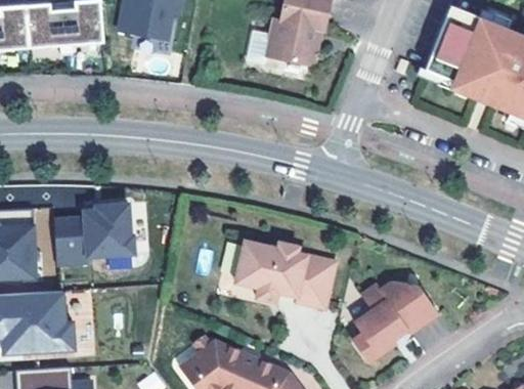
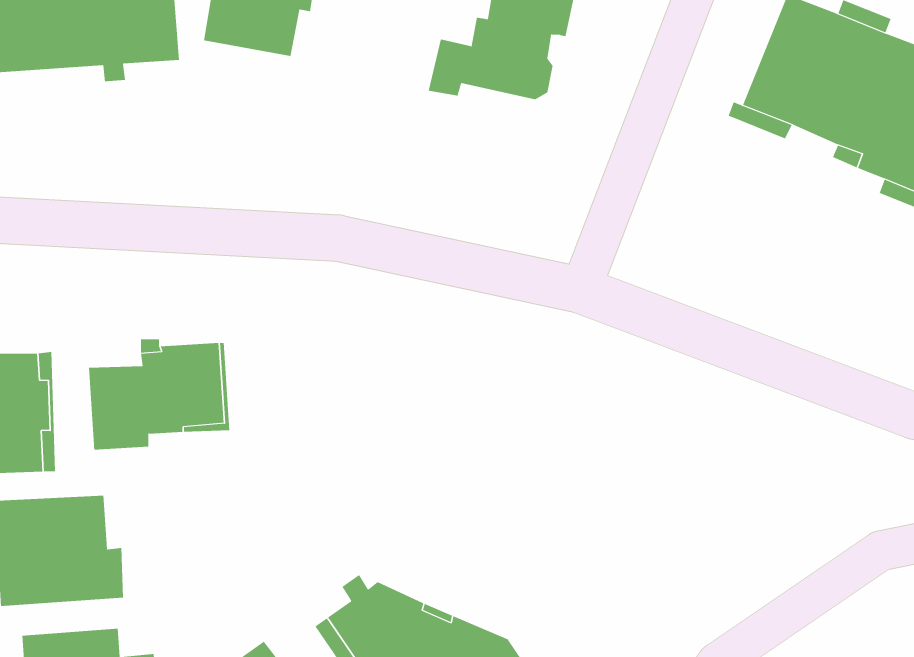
building: [236,241,338,309] -> none
building: [351,280,437,362] -> none

